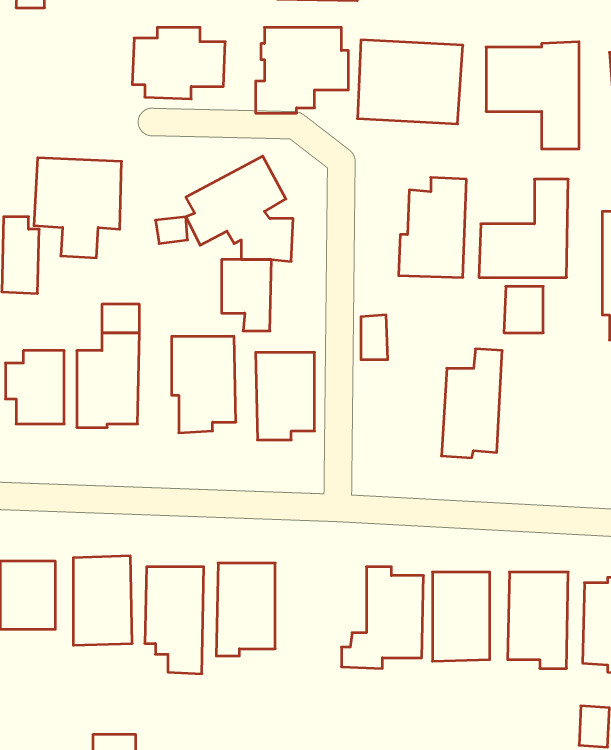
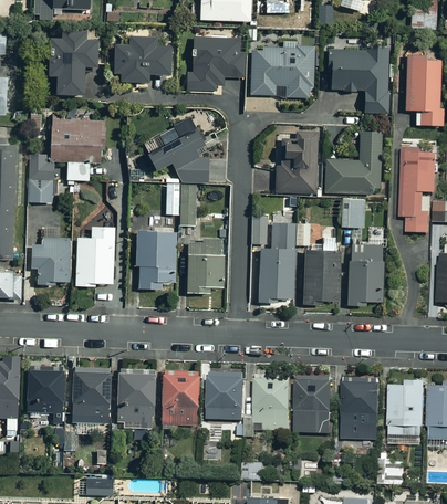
building: none -> [44,32,93,95]
building: none -> [258,223,310,303]
building: none -> [346,244,383,305]
building: none -> [207,372,243,418]

